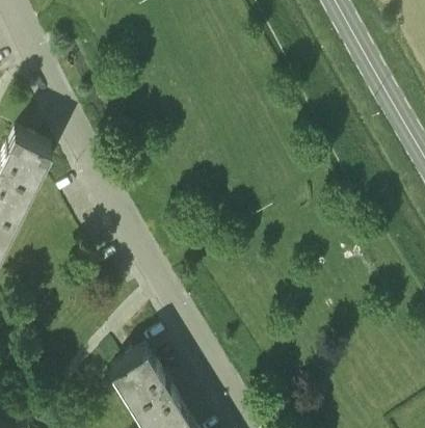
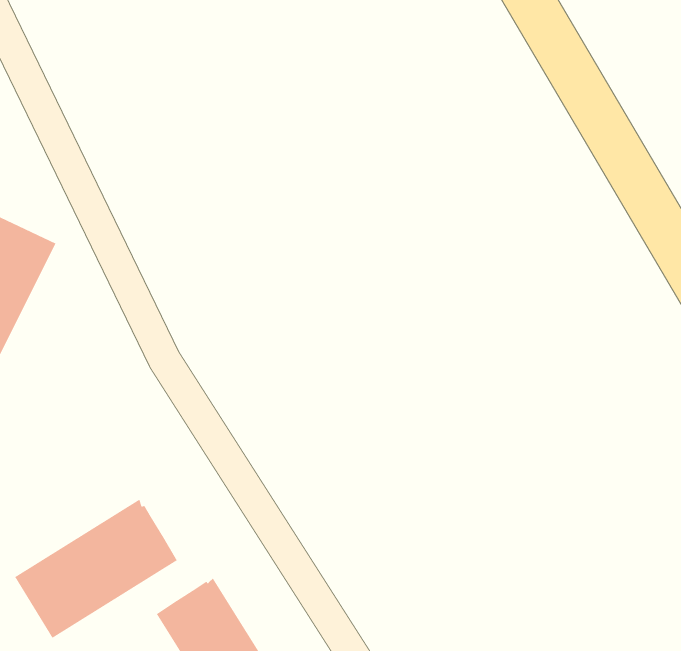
building: none -> [14,498,178,639]

